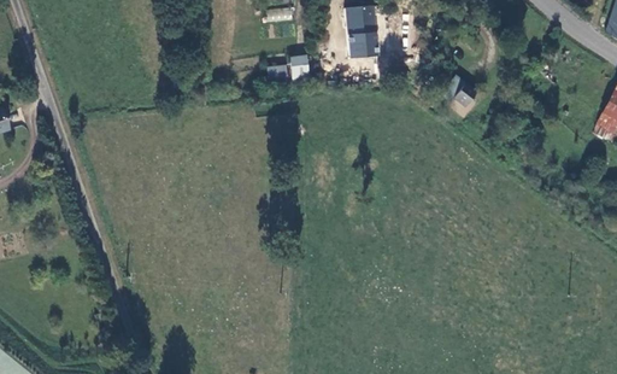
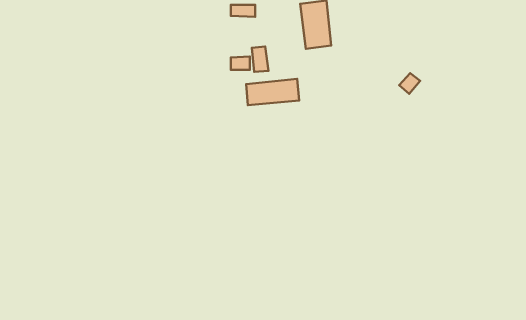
building: none -> [246,79,299,105]

